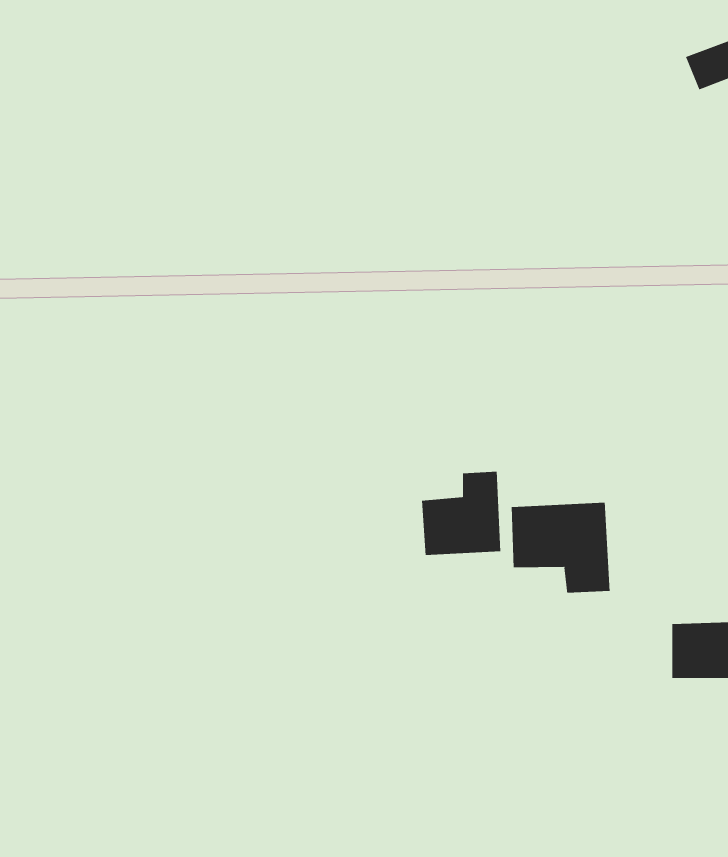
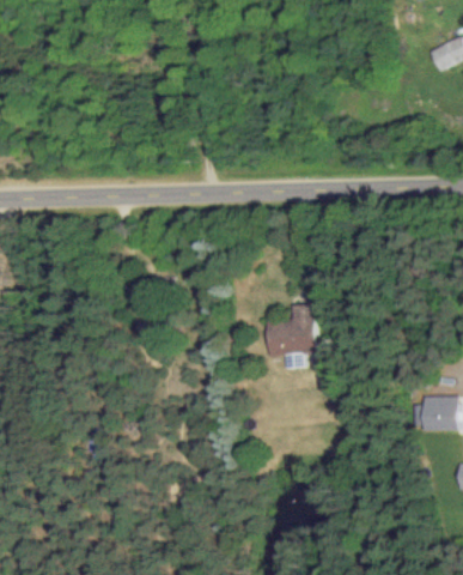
building: [511,502,610,594] -> none

